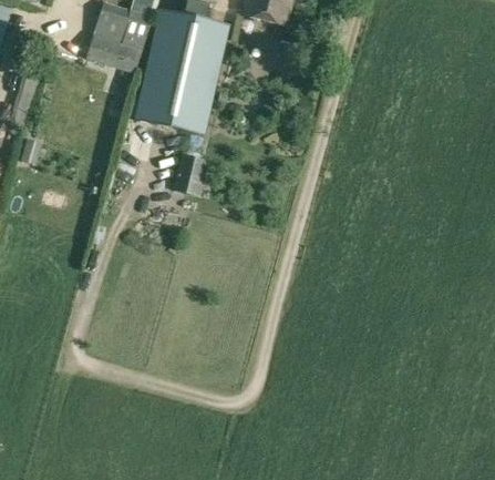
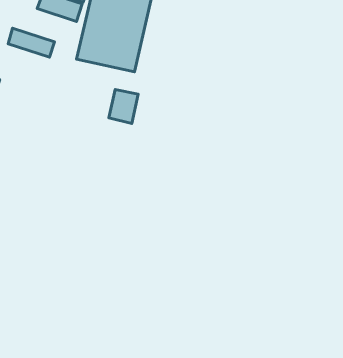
building: none -> [8,28,55,57]

